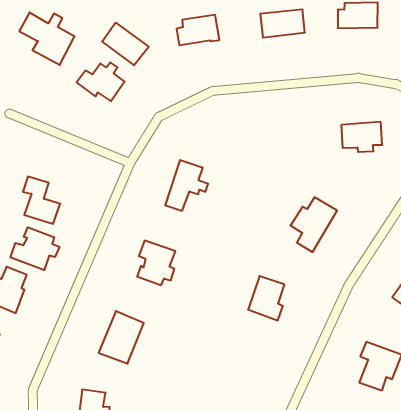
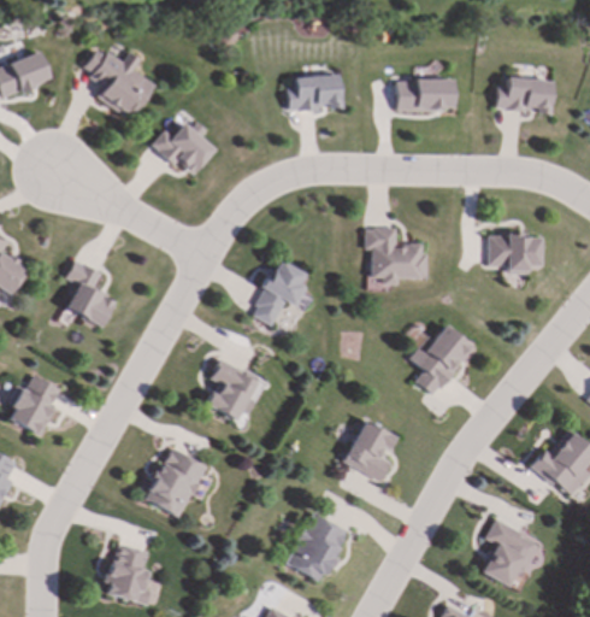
building: [102,23,149,65] -> none
building: none -> [366,228,427,284]
building: [11,227,59,270] -> none
building: none -> [287,513,348,582]

